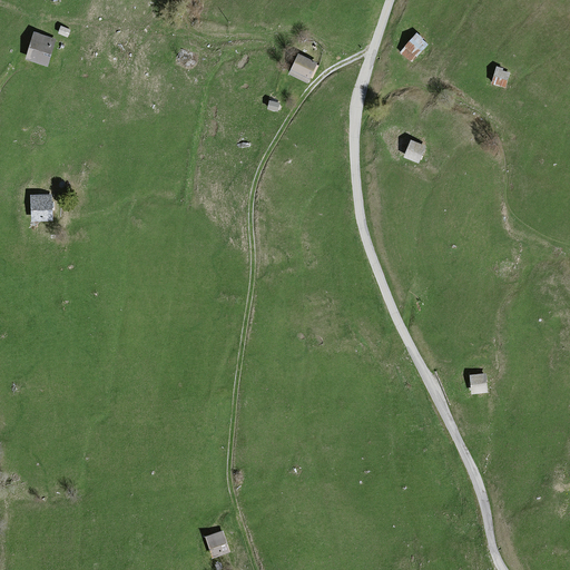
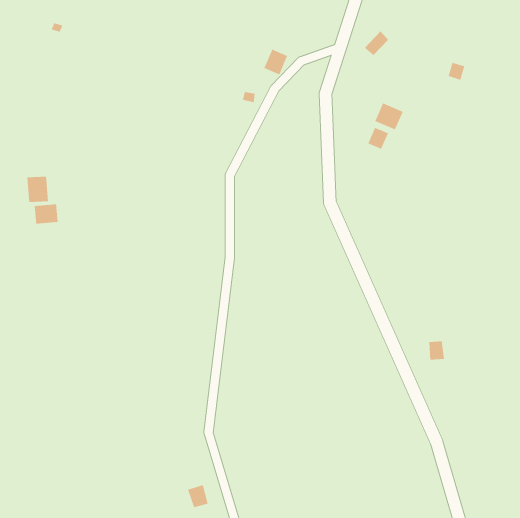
building: [24,30,56,66] -> none
building: none -> [374,103,404,130]
building: none -> [34,203,58,224]

